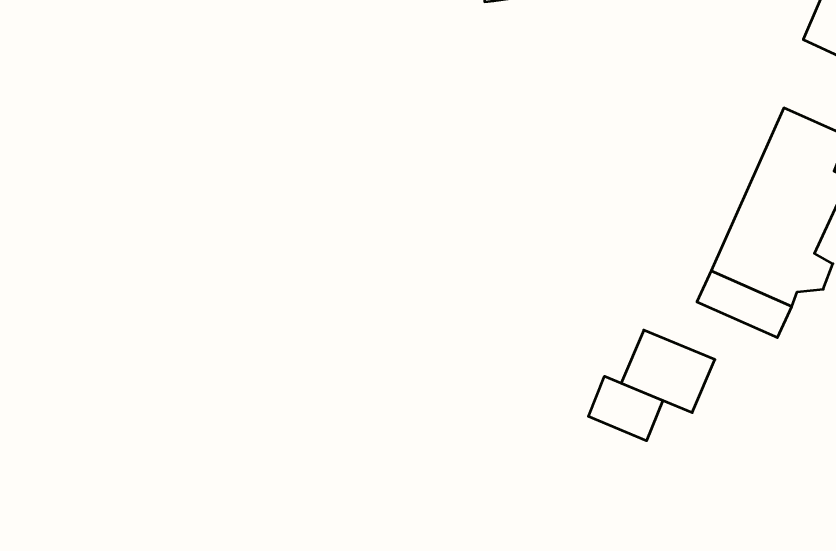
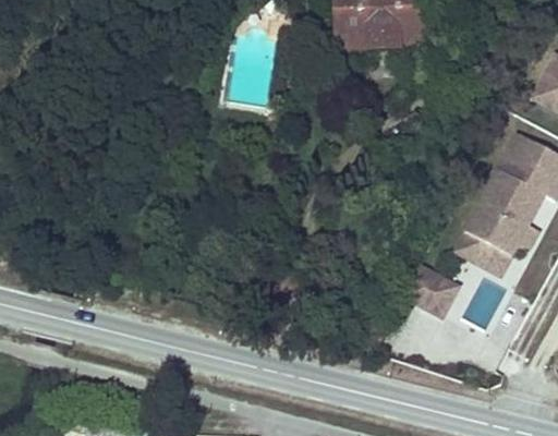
building: [588,376,663,441] -> none

